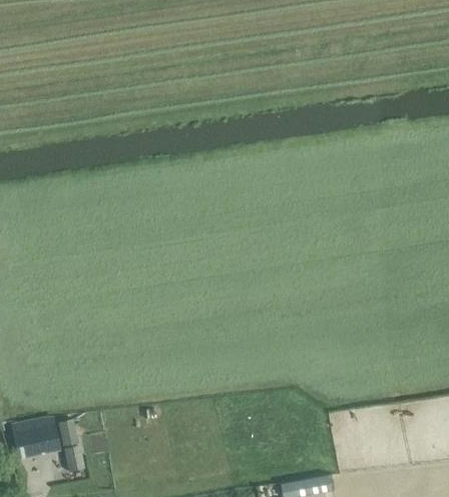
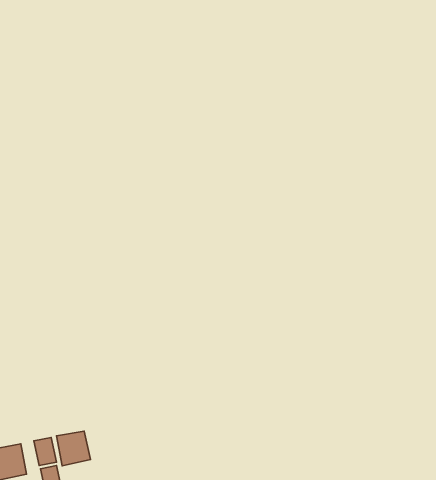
building: none -> [56,431,90,466]

